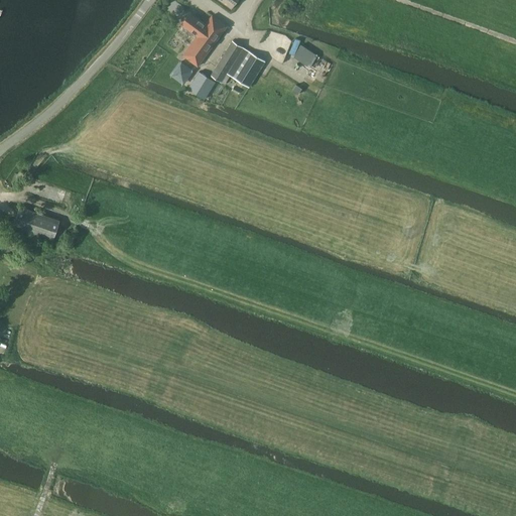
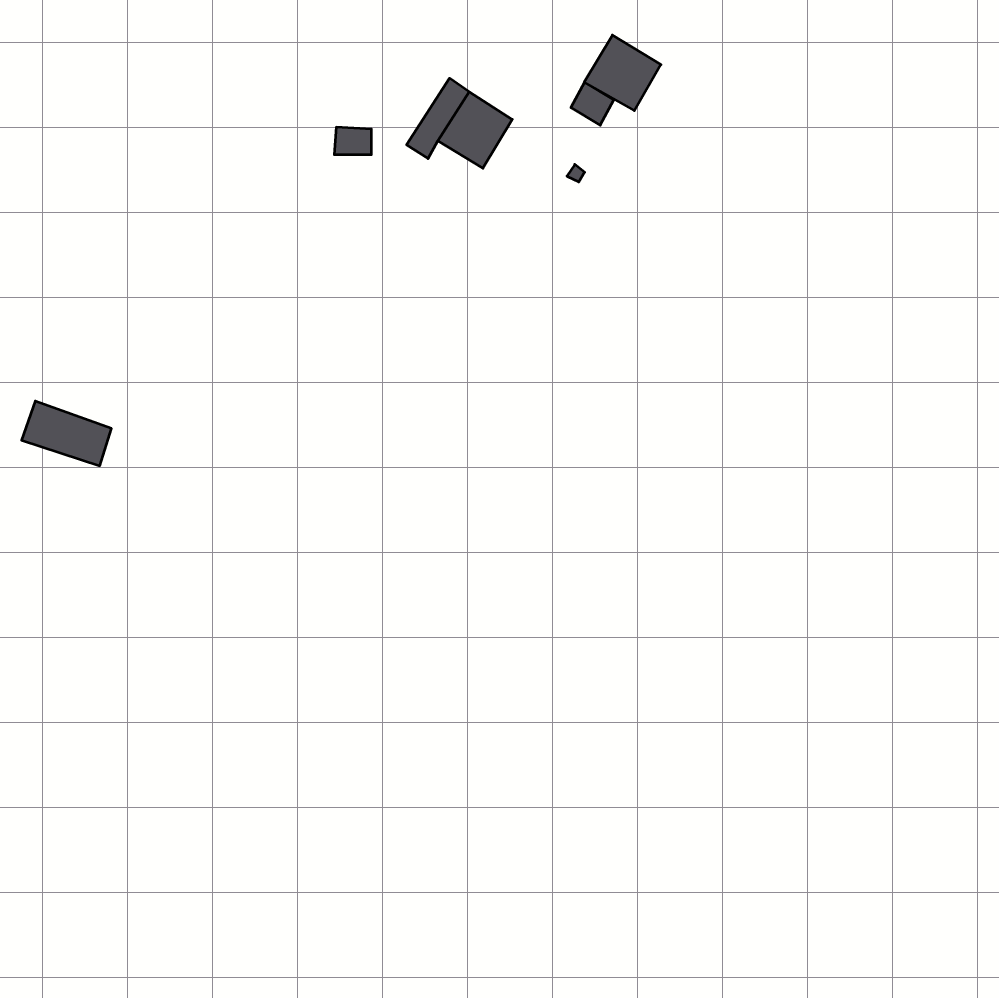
building: [181,13,227,68] -> none
building: none -> [584,35,661,111]
building: [188,72,215,99] -> none

